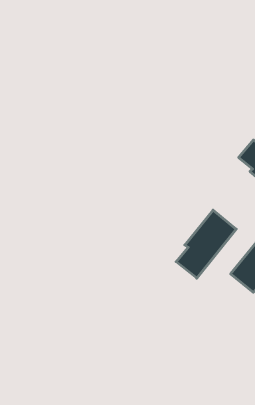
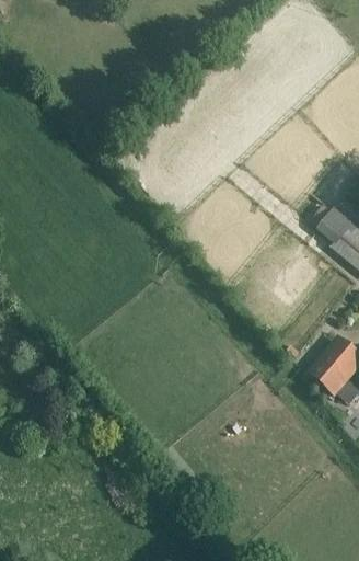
building: [176,210,236,278] -> none

